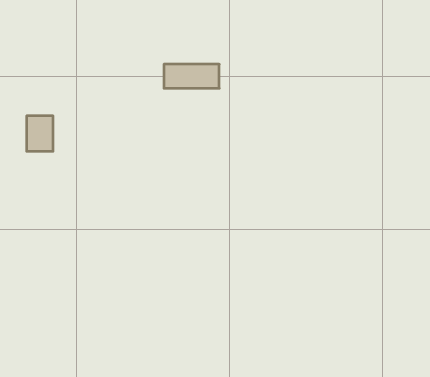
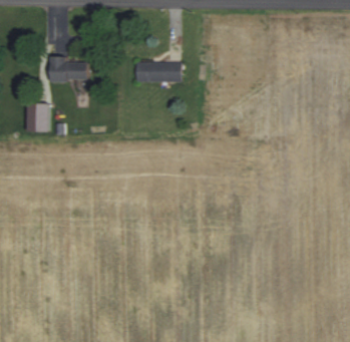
building: none -> [51,56,87,81]

